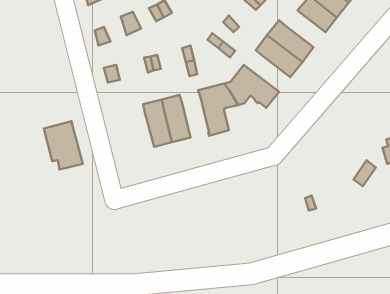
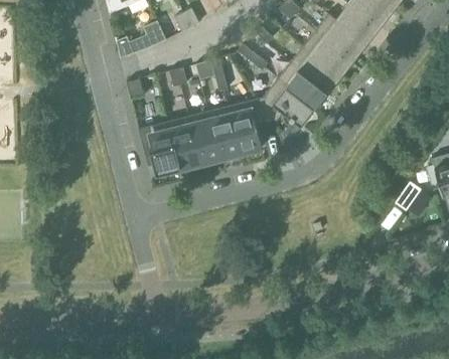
building: none -> [315,14,365,60]
building: none -> [277,63,327,109]
building: none -> [207,107,240,158]
building: [44,121,83,170] -> [138,122,180,174]

